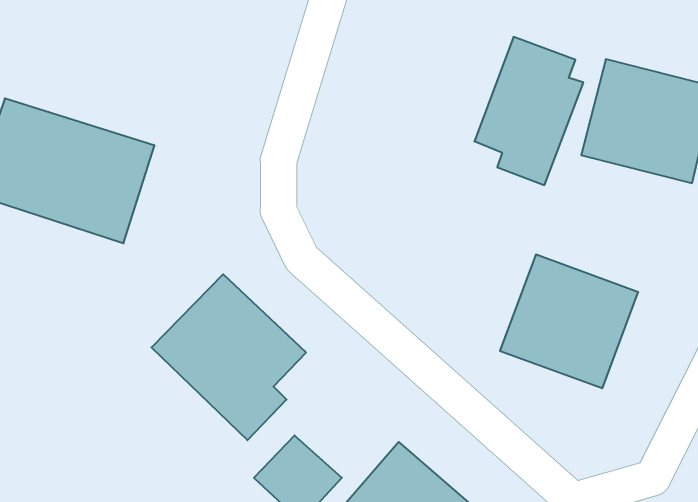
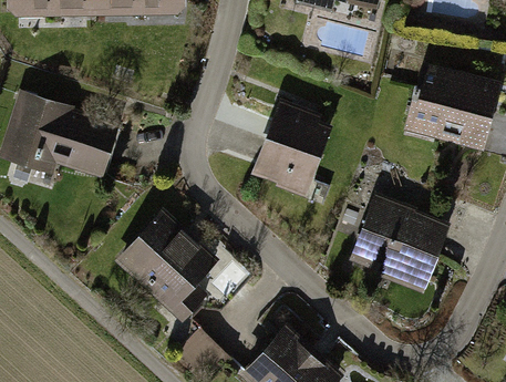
building: [474,37,583,185] -> [257,95,331,196]

